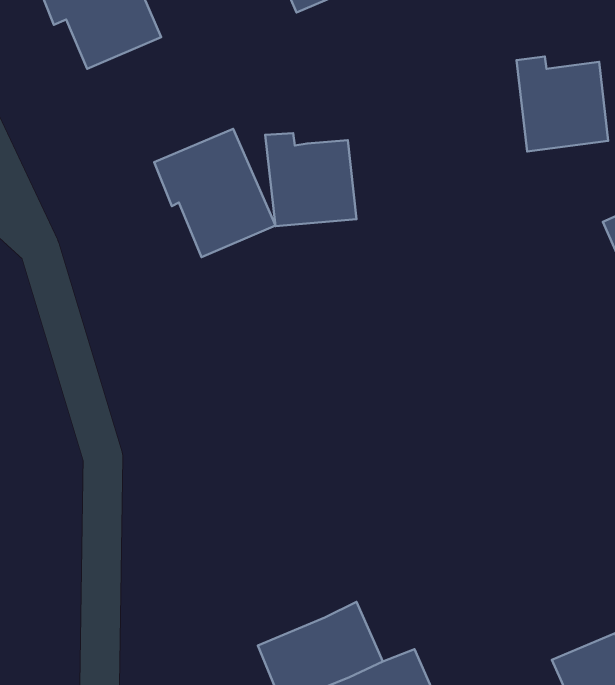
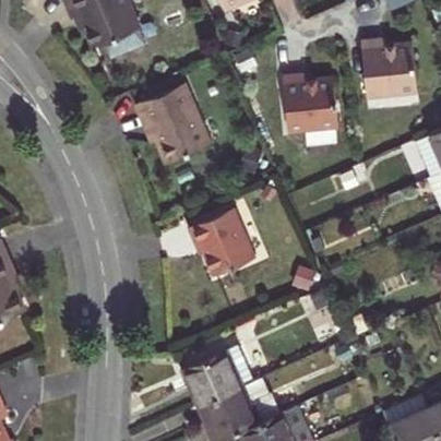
building: [265,133,357,226] -> [282,74,338,132]
building: none -> [188,210,254,277]
building: none -> [184,347,251,405]

